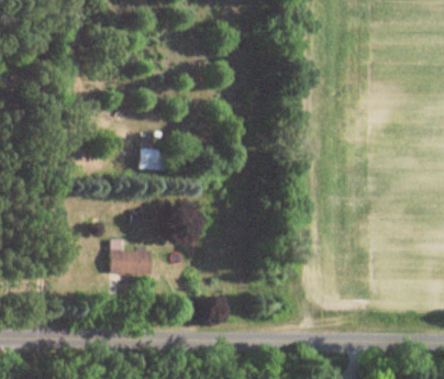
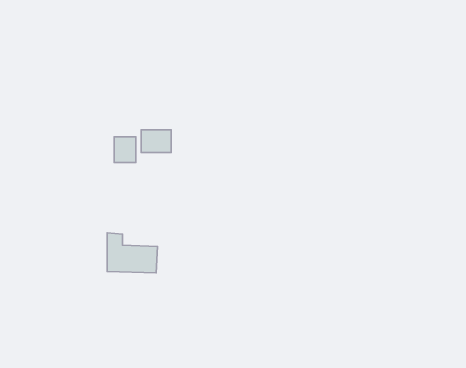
building: none -> [114,137,136,162]

